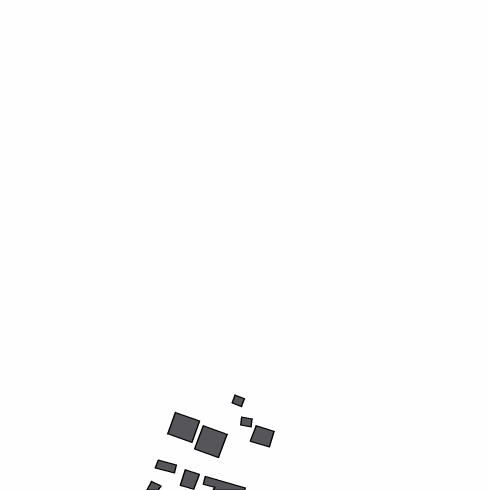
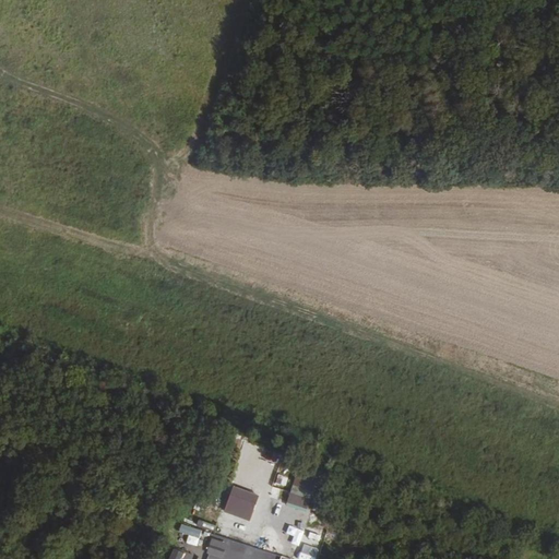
building: [168,412,200,442] -> none

